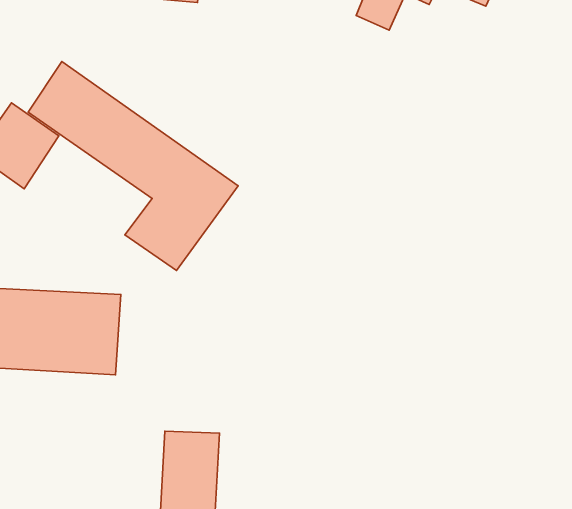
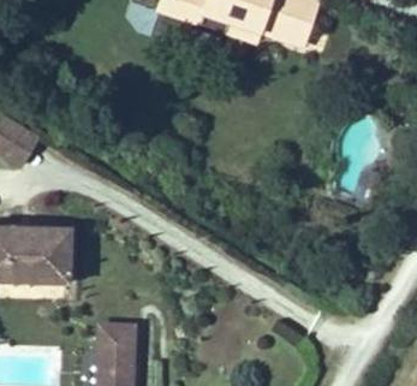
building: [28,62,238,270] -> none

